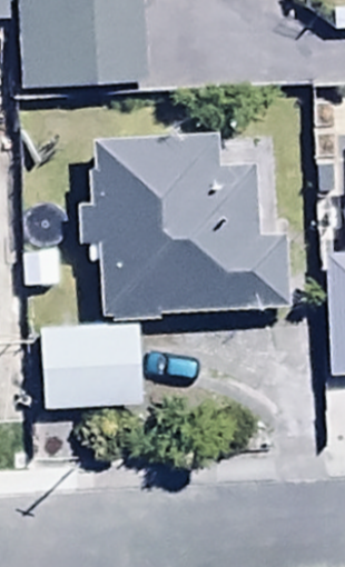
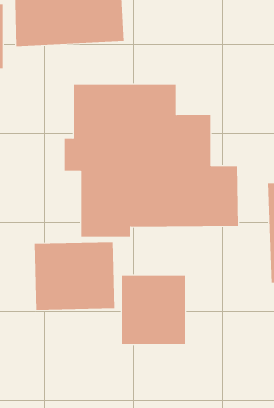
building: none -> [121,275,186,345]

